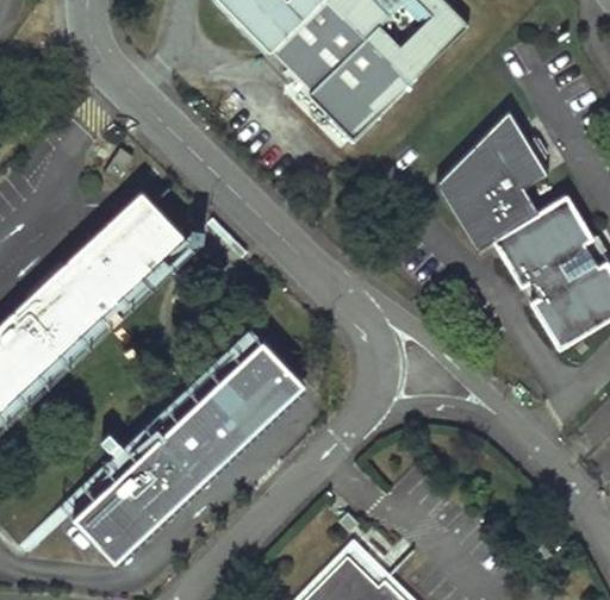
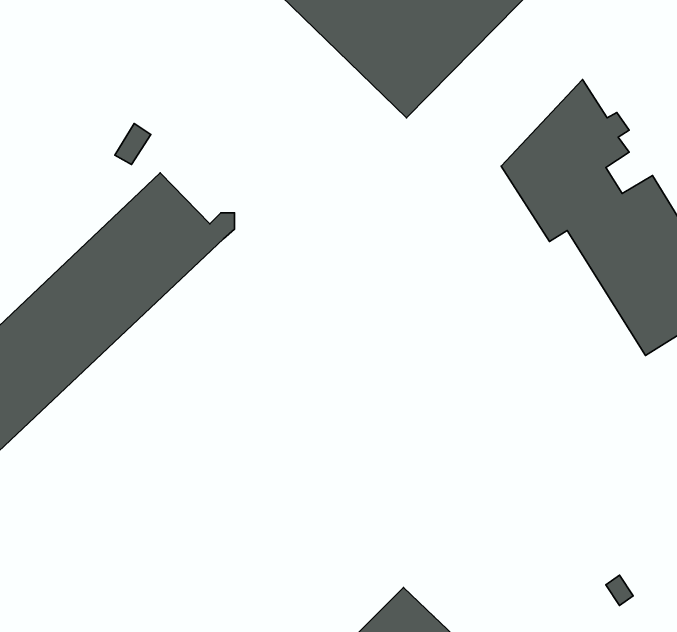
building: [73,338,304,562] -> none

